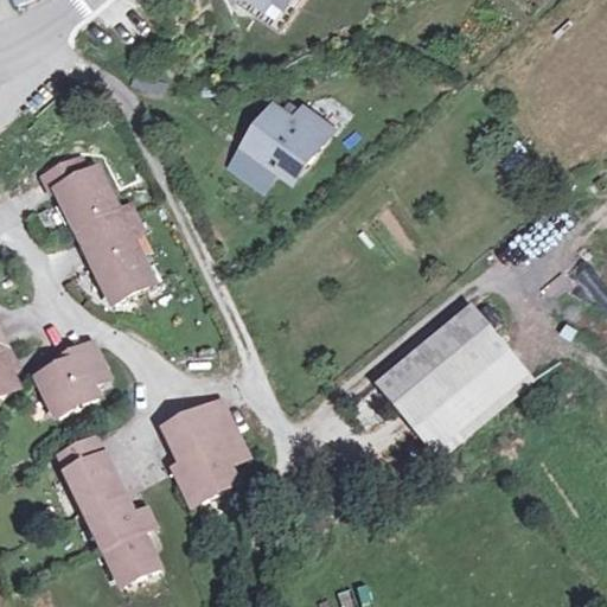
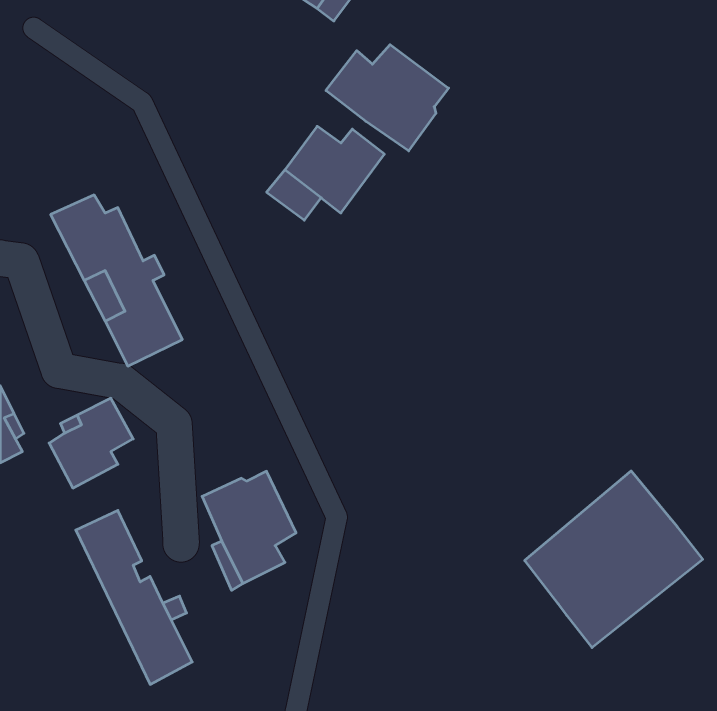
building: none -> [326,45,449,151]
building: [375,307,525,456] -> [525,471,703,648]

